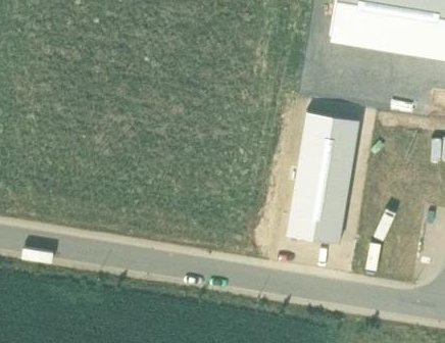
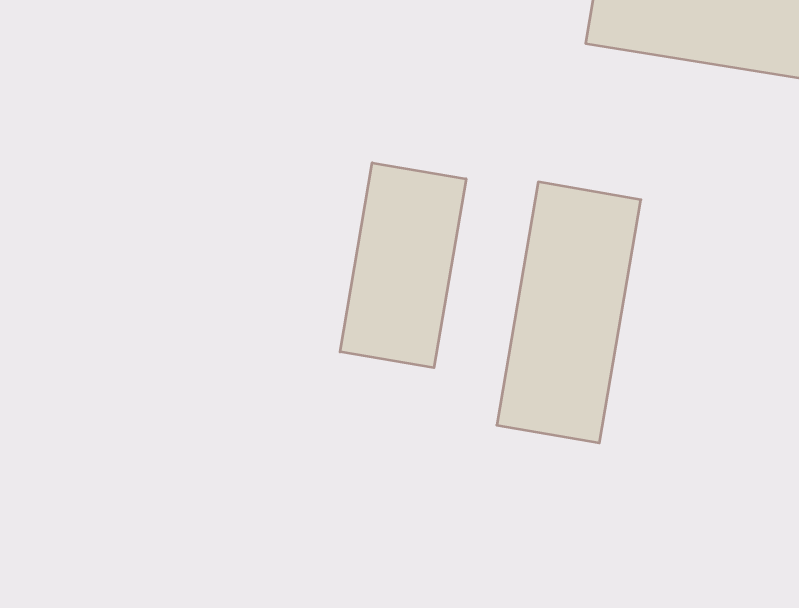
building: none -> [340,163,466,368]

